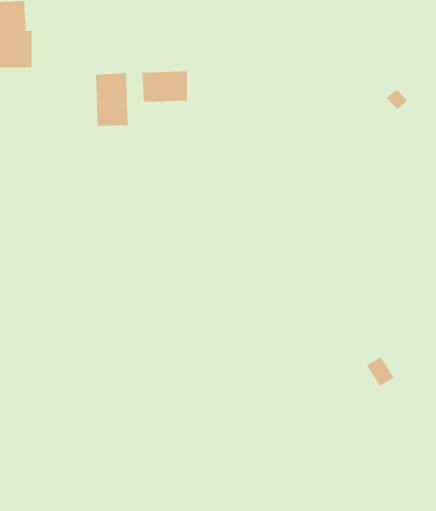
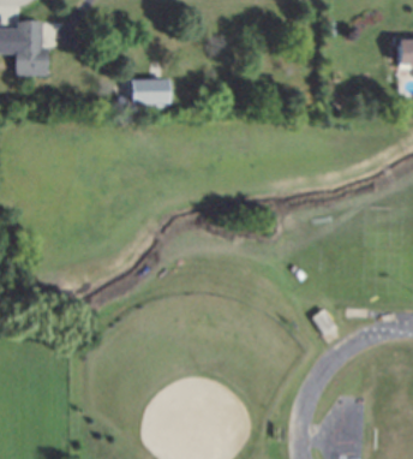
building: [96,72,128,126] -> none

